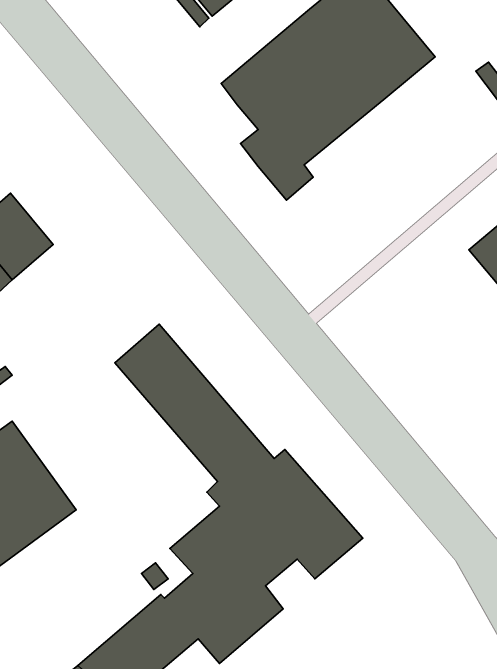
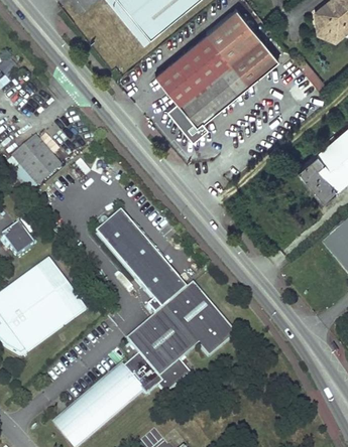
building: none -> [37,257,86,316]

